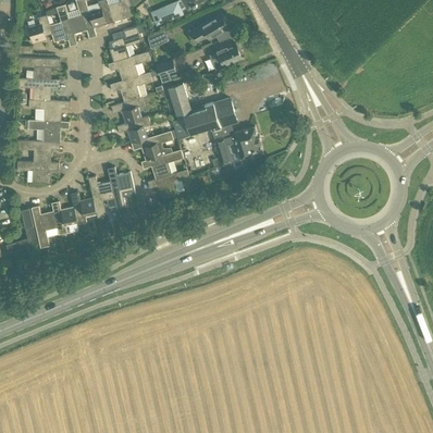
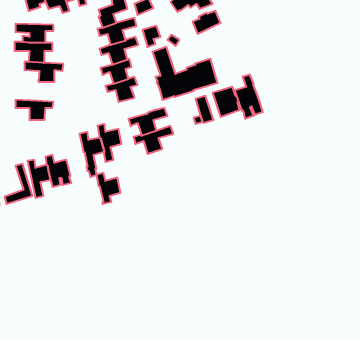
building: none -> [235,74,263,119]
building: [27,120,70,143] -> none
building: [131,128,177,160] -> none
building: [16,161,59,183] -> none
building: [71,191,97,225] -> [96,173,120,204]

